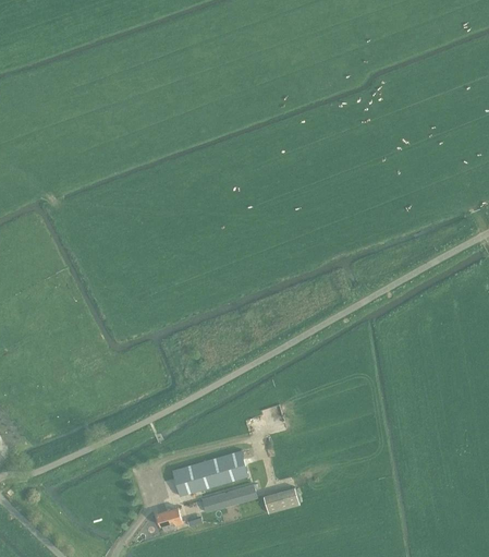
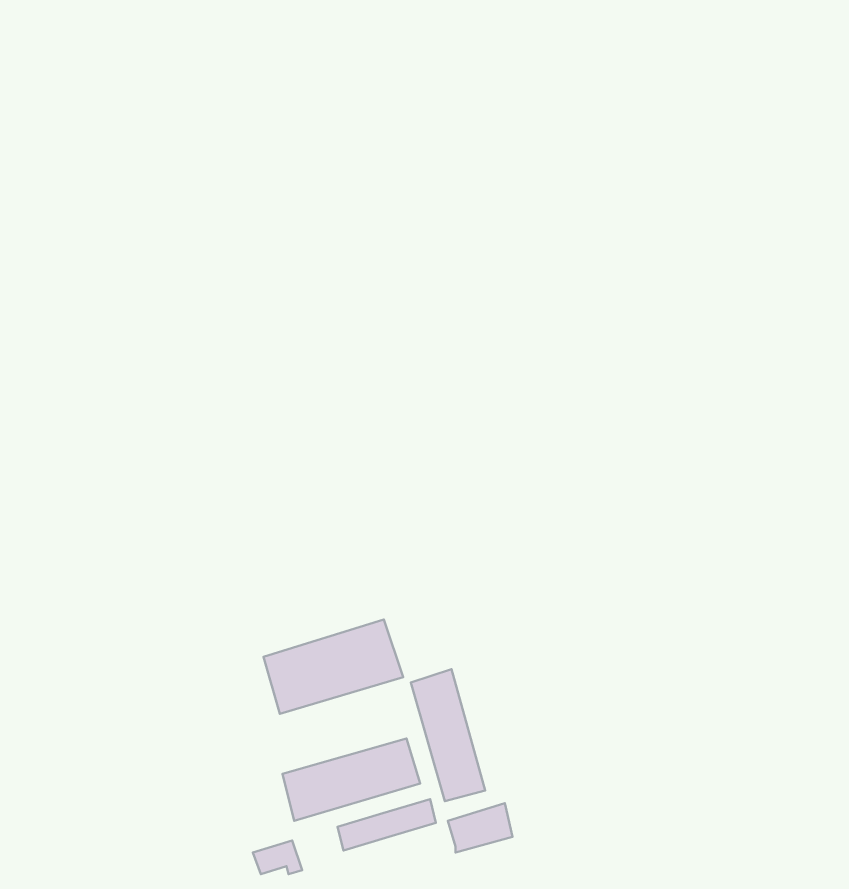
building: none -> [263,619,403,714]
building: none -> [411,669,485,801]

